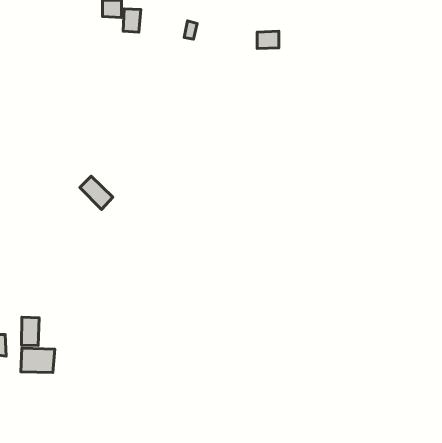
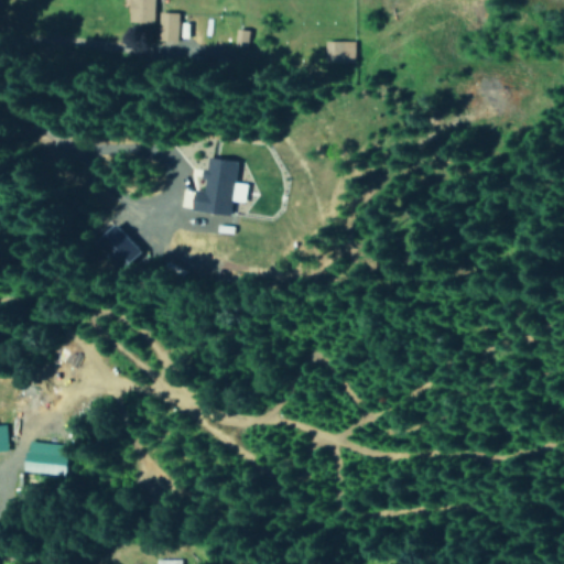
building: none -> [194,158,247,215]
building: [22,317,39,345] -> none

